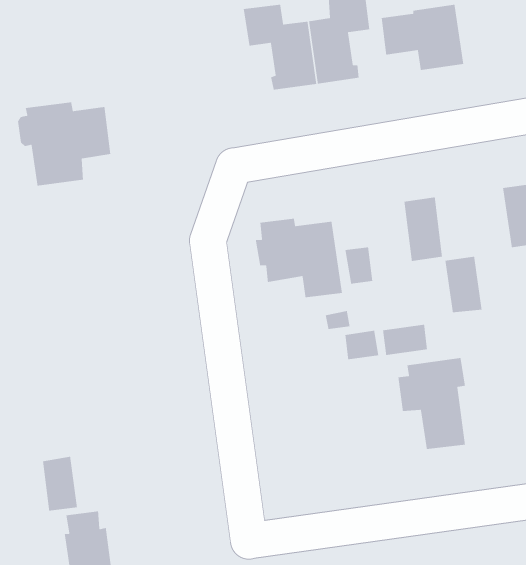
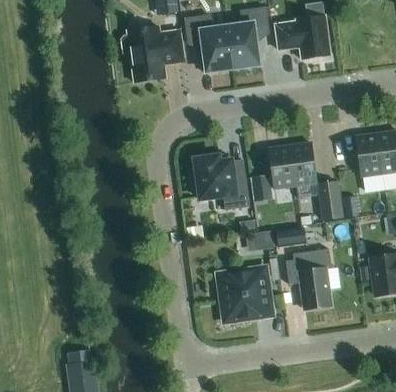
building: [17,101,111,186] -> [121,26,183,82]
building: none -> [268,145,295,188]
building: none -> [218,267,272,321]
building: [42,456,78,511] -> none

